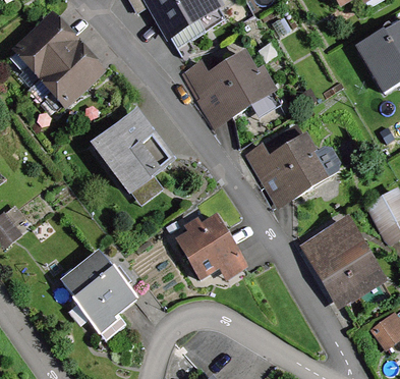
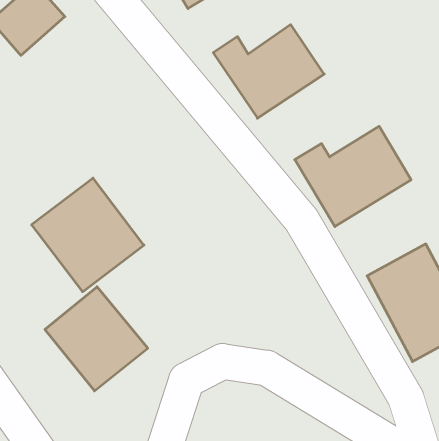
building: [41,45,98,100] -> none
building: [89,108,174,195] -> [32,178,144,292]
building: [174,212,250,282] -> none

